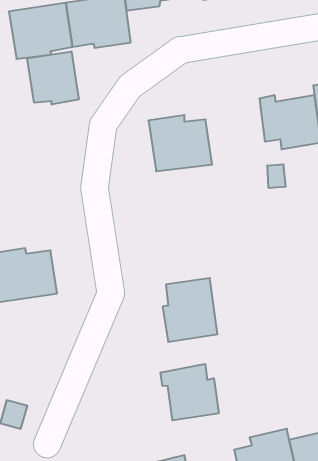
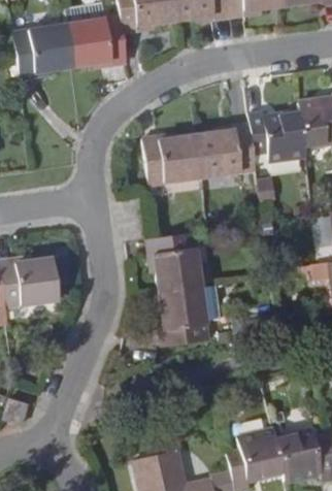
building: [27,51,79,105] -> none
building: none -> [198,123,256,176]
building: none -> [147,231,202,289]
building: [161,364,219,420] -> none

